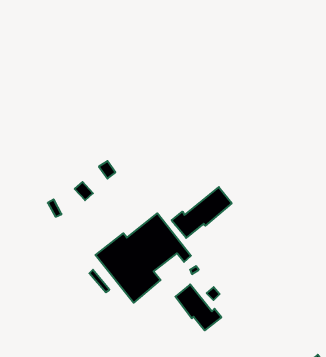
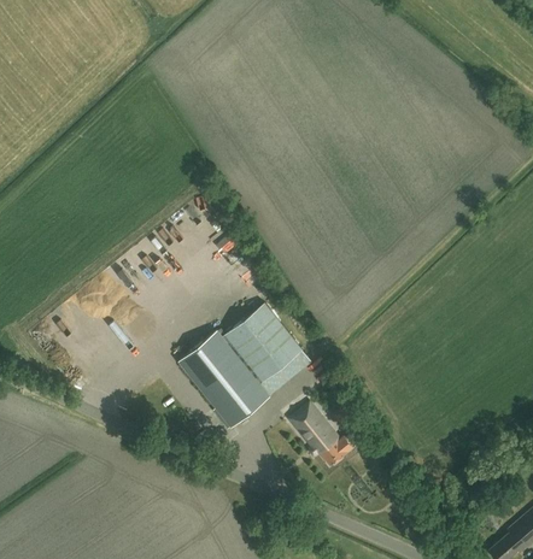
building: [172,187,232,238] -> none

